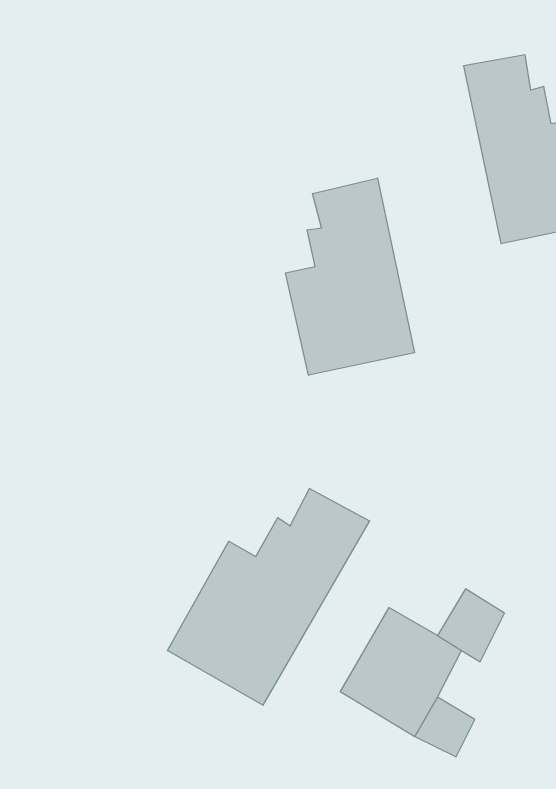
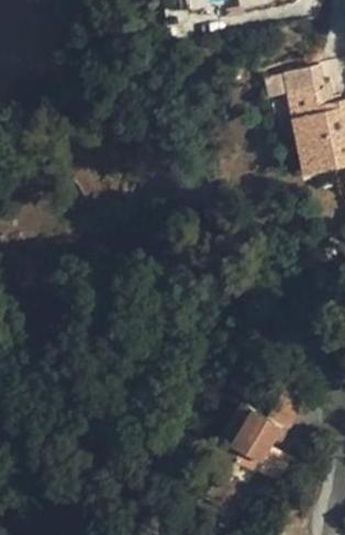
building: [285,178,414,375] -> none
building: [167,488,370,705] -> none

